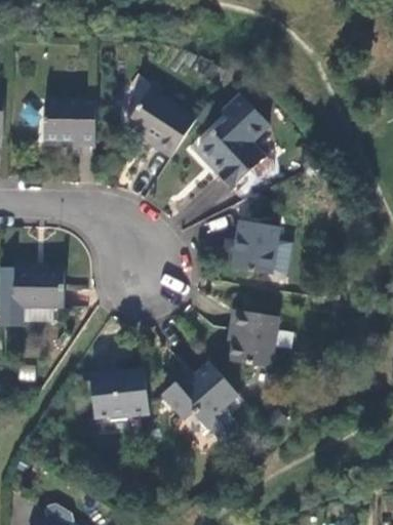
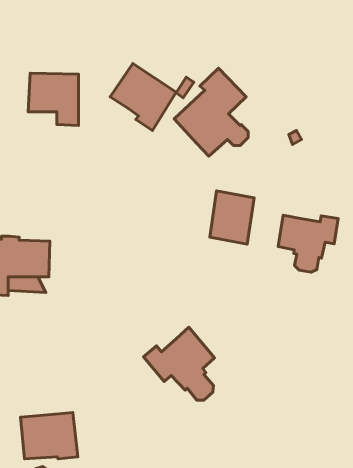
building: none -> [278,215,338,272]
building: [230,312,276,368] -> none
building: [88,369,148,417] -> [21,412,78,459]

